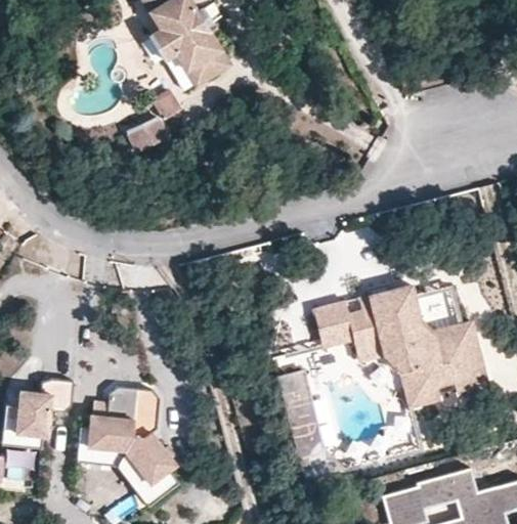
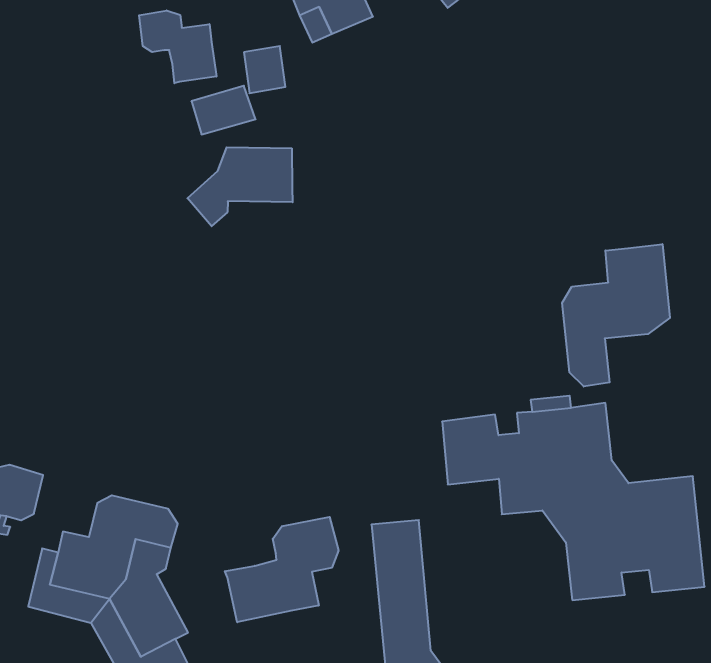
building: none -> [139,10,216,83]
building: none -> [187,147,293,226]
building: none -> [562,244,670,387]
building: none -> [225,517,338,622]

